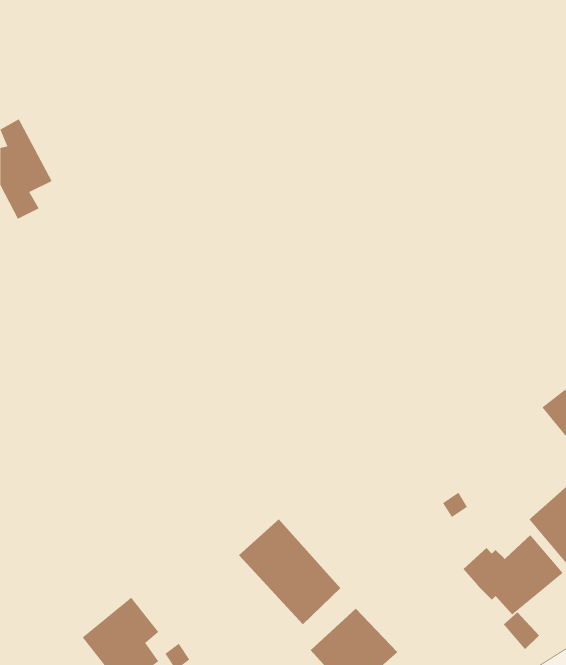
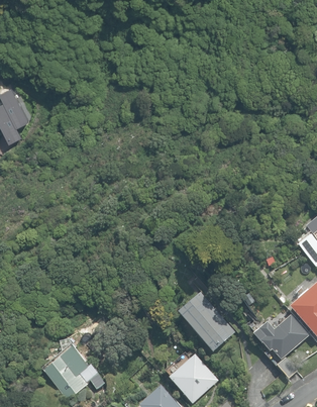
building: [238,518,341,625] -> [179,293,235,351]

